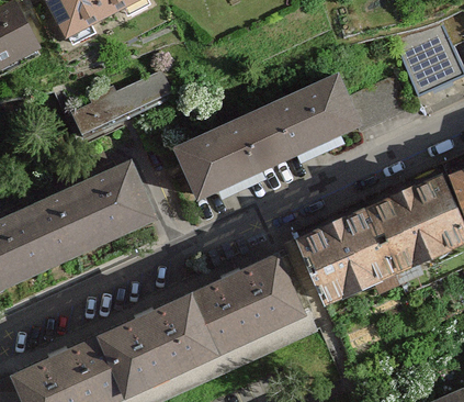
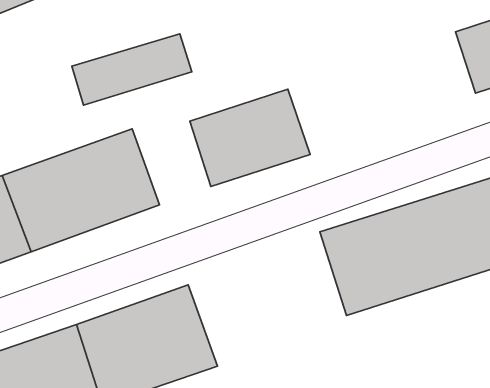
building: [257,77,360,165] -> none
building: [185,245,307,355] -> none

